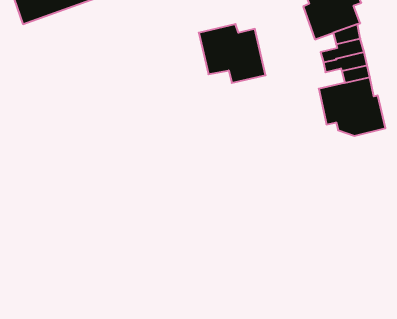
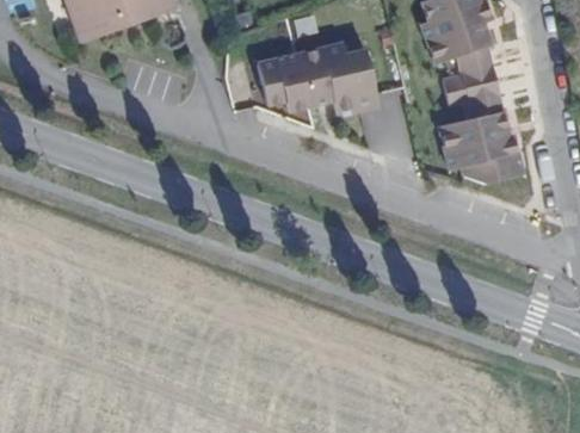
building: none -> [255,54,307,111]

